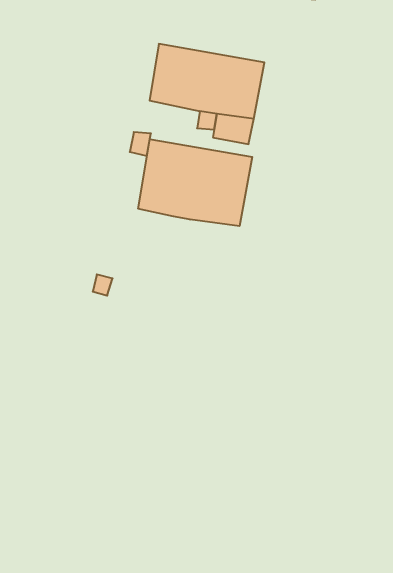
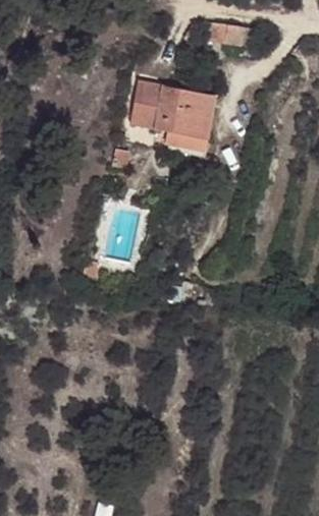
building: [138,139,252,226] -> none

